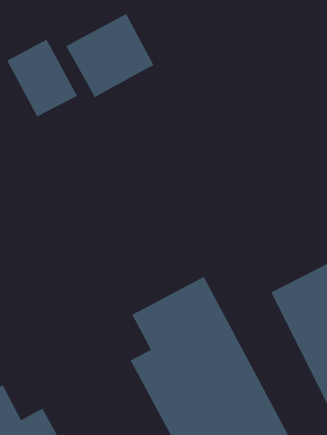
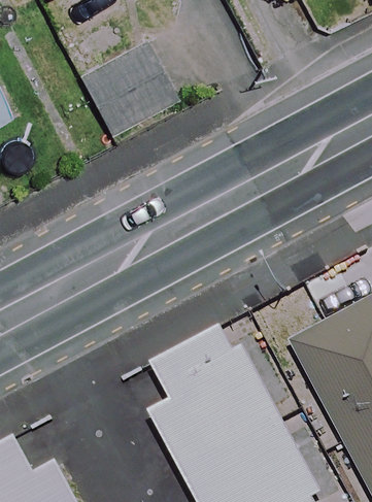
building: [6,39,78,118] -> none

